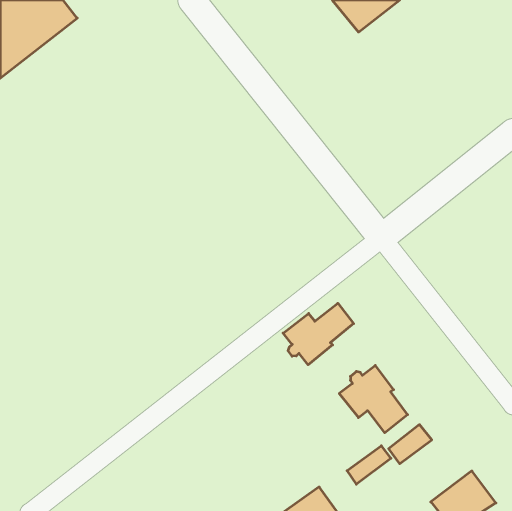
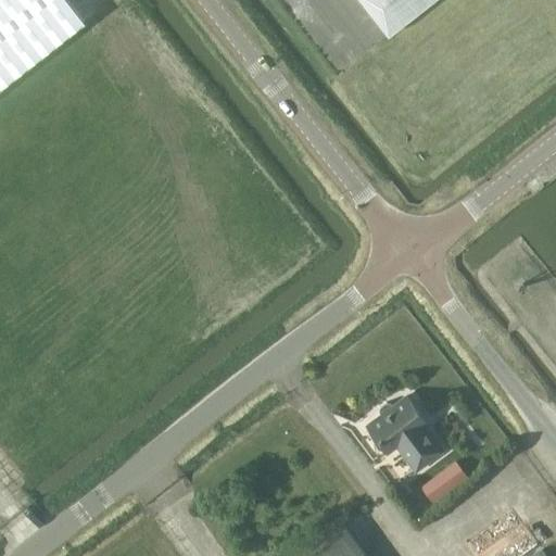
building: [283,303,354,365] -> none
building: [347,446,391,484] -> none

